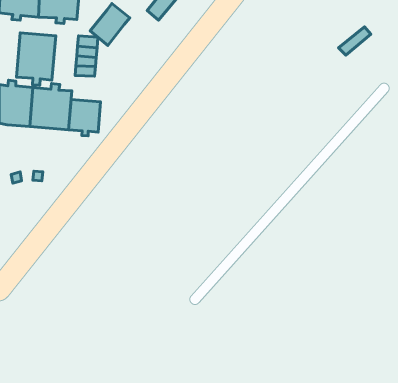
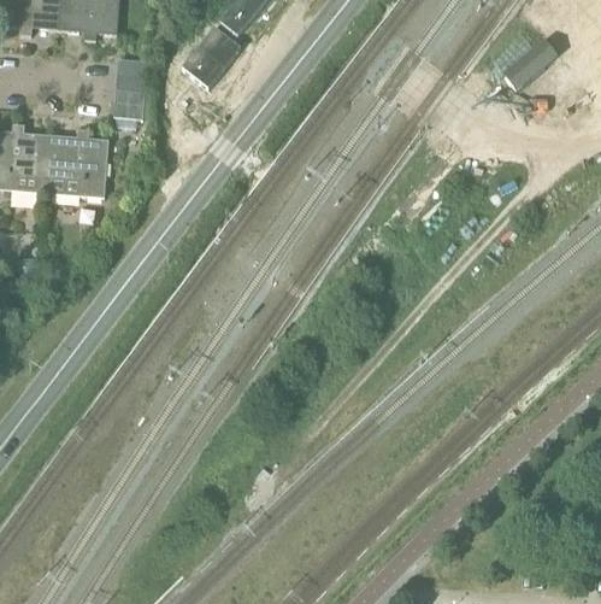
building: [90,3,130,46] -> [182,25,241,88]
building: [16,33,56,85] -> none
building: [69,99,101,136] -> none

